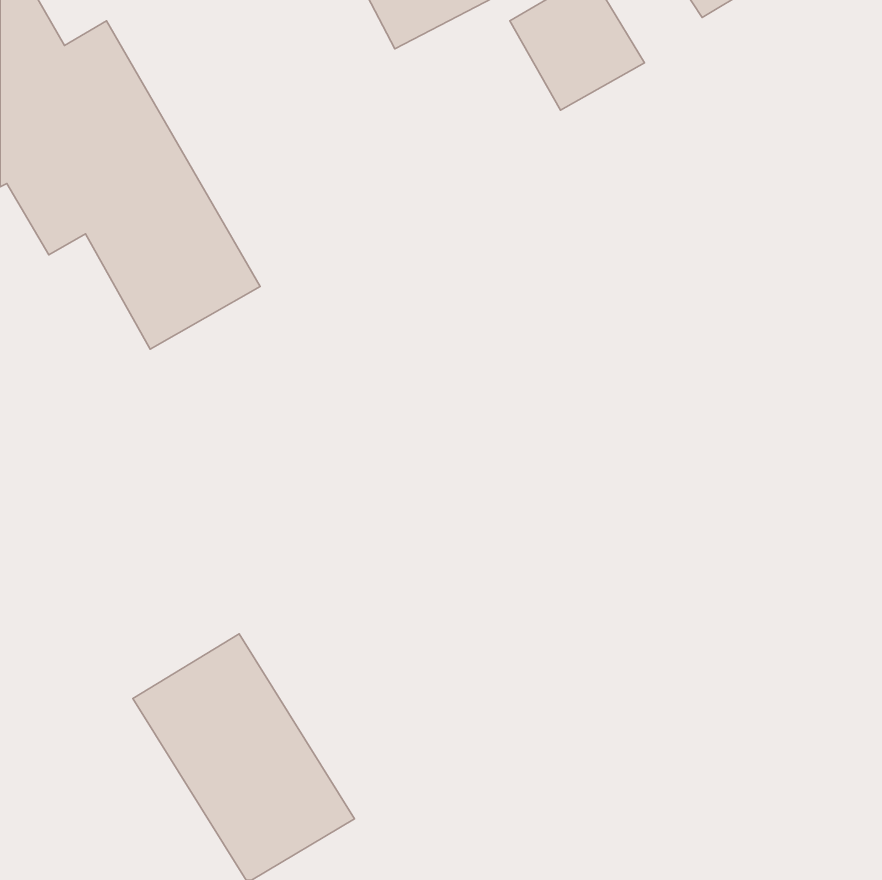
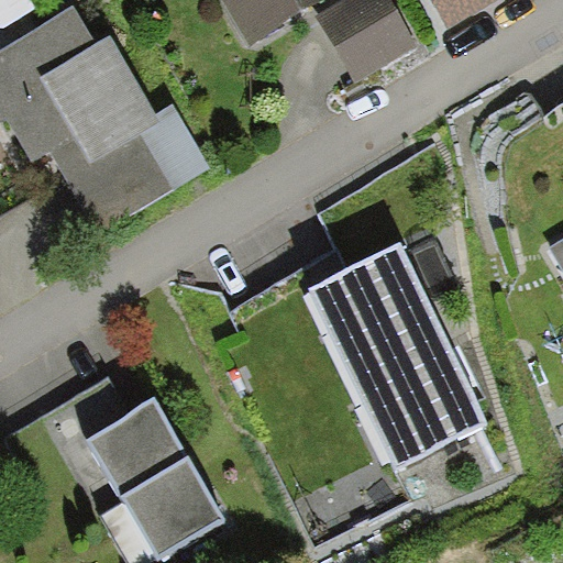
building: none -> [301,255,476,473]

